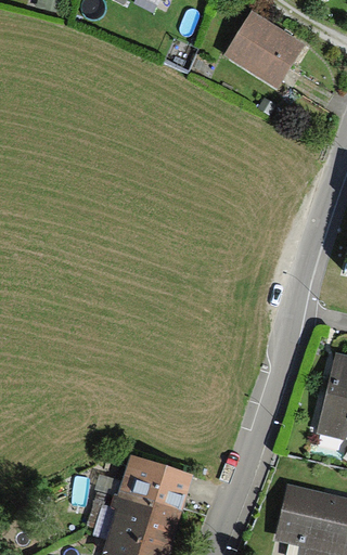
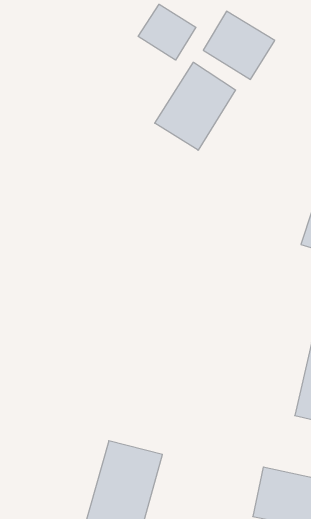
building: none -> [138,4,196,60]
building: none -> [155,62,236,150]

